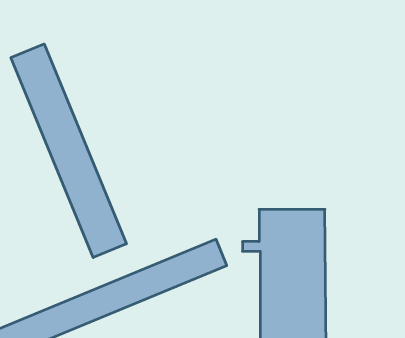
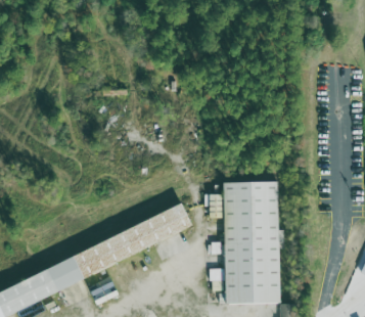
building: [11,44,126,258] -> none

